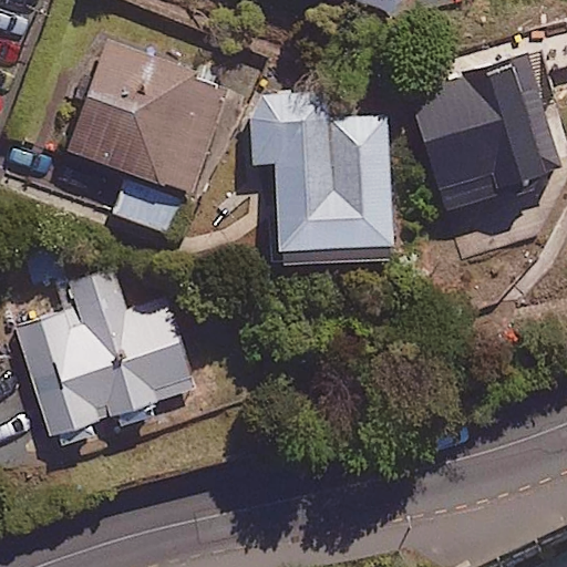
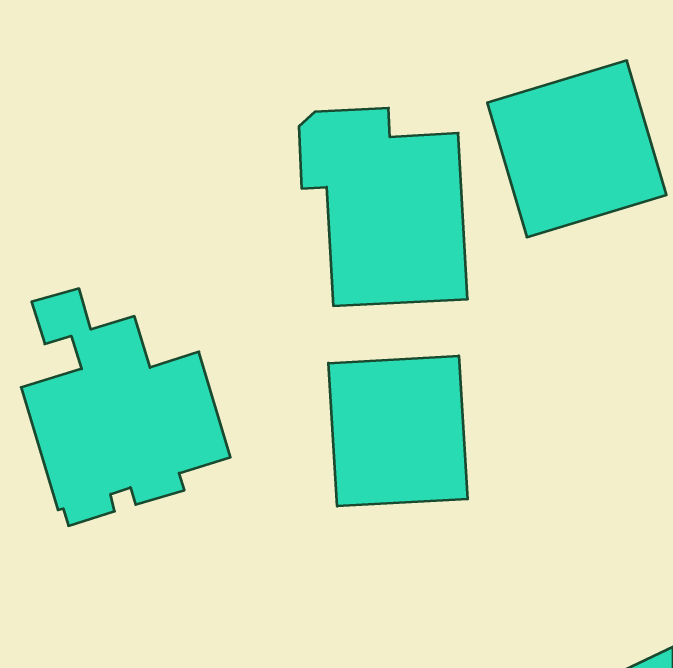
building: [60,37,230,237] -> none
building: none -> [328,356,468,506]

